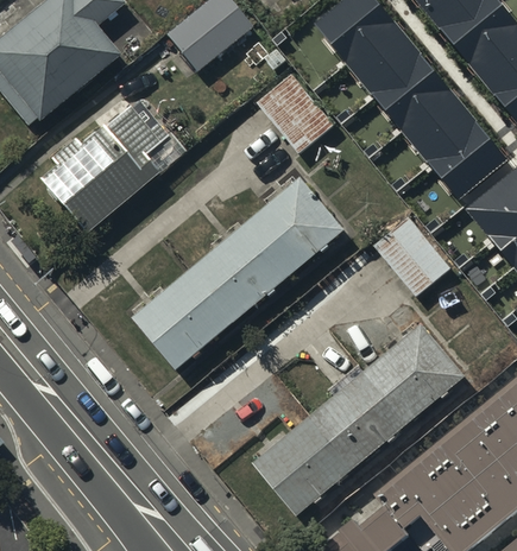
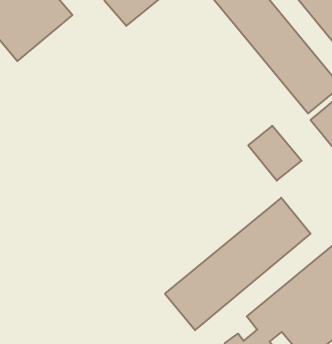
building: [257,75,334,154] -> none
building: [40,108,169,236] -> none
building: [132,176,345,368] -> none

